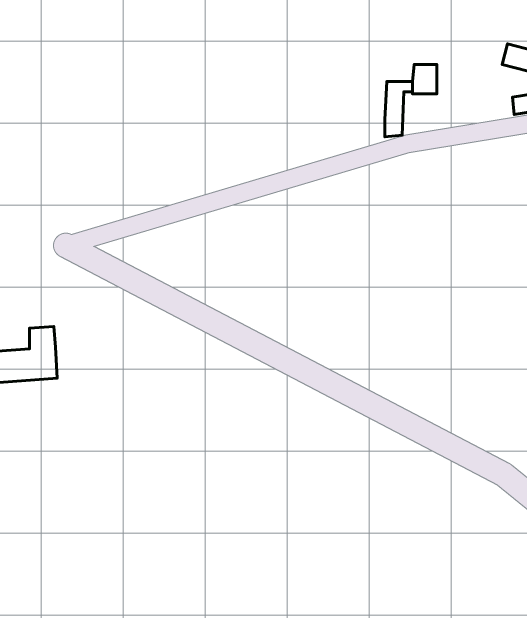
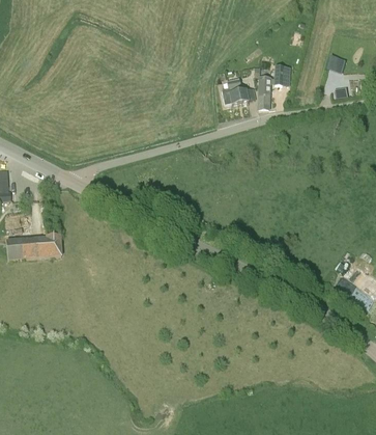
building: none -> [221,77,248,104]

